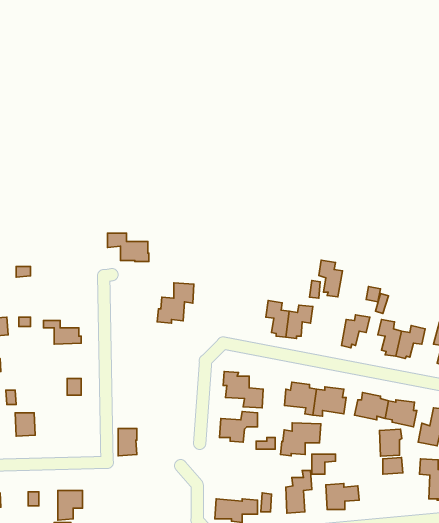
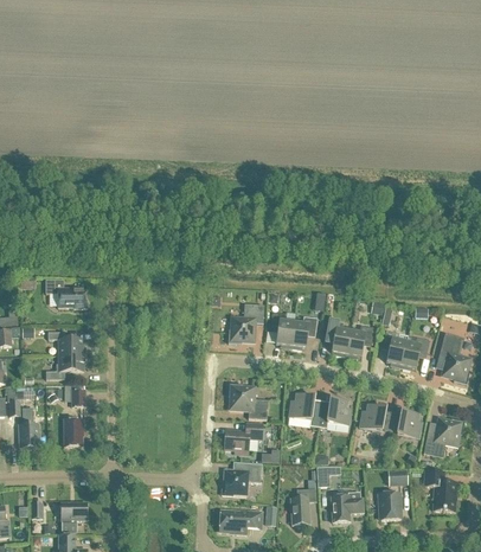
building: [107,233,149,262] -> [45,278,86,307]
building: [319,260,342,297] -> [327,319,351,355]
building: [157,283,194,323] -> [227,302,264,342]
building: none -> [46,353,85,378]
building: [281,423,321,456] -> [222,461,262,494]
building: [118,429,137,456] -> [64,418,83,445]
building: [379,429,402,456] -> [379,492,402,519]

